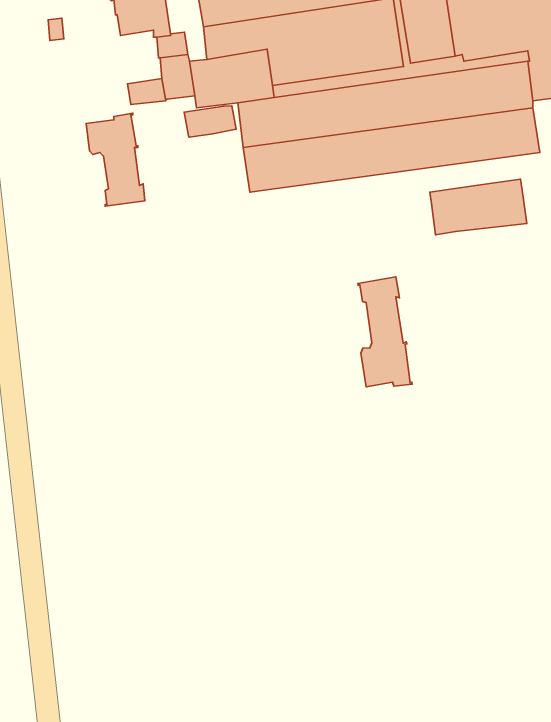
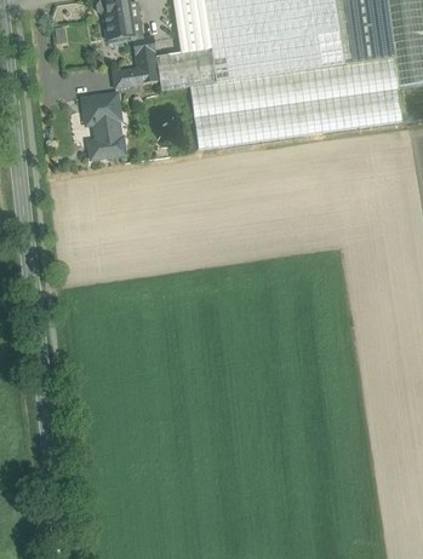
building: [184,106,236,137] -> none
building: [430,179,527,235] -> none
building: [358,277,412,387] -> none

